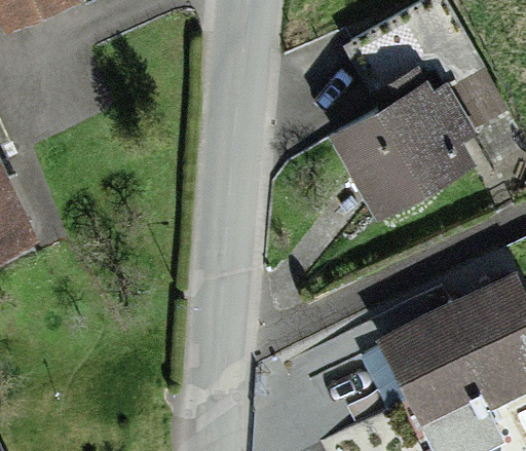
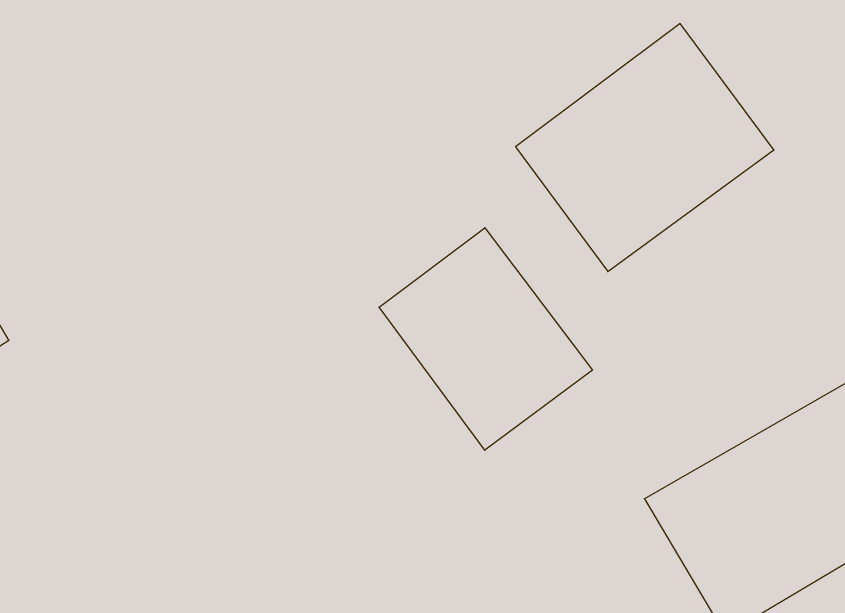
building: none -> [379,228,593,450]

